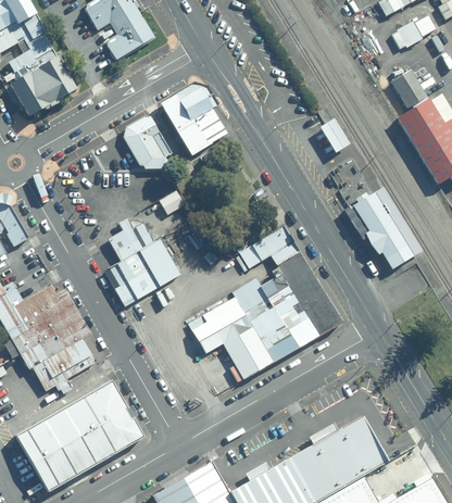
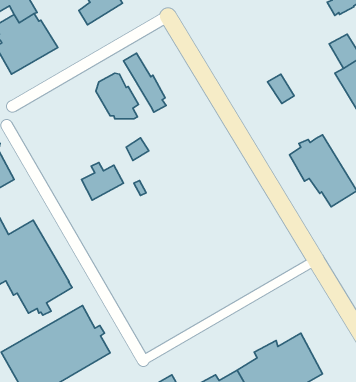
building: [171,81,225,144] -> none
building: [186,225,344,386] -> none
building: [105,239,181,307] -> none

